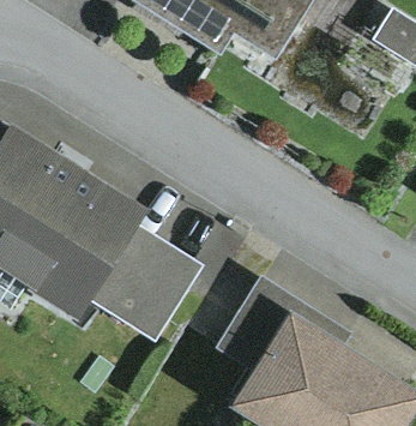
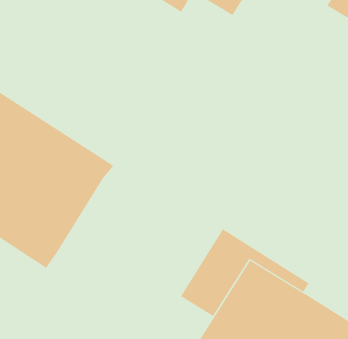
building: [89,224,204,344] -> none

